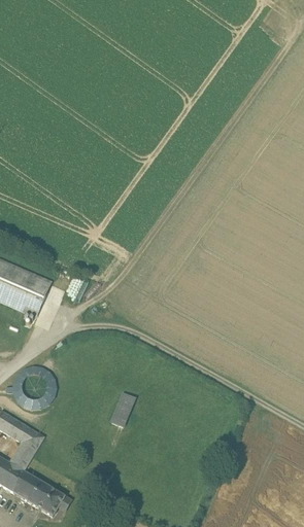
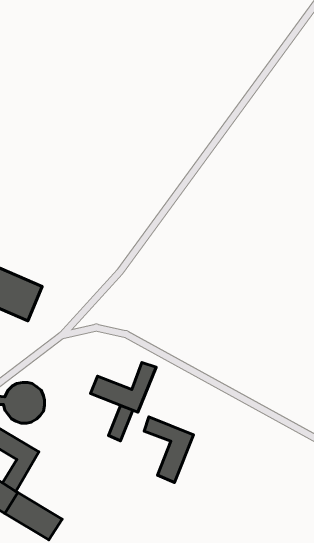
building: none -> [90,362,156,412]
building: none -> [144,417,193,482]

